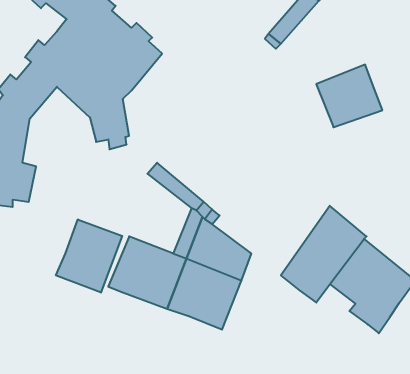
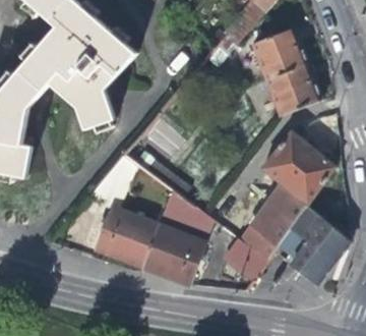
building: none -> [252,26,306,78]
building: none -> [261,130,336,205]
building: [56,219,122,293] -> none
building: none -> [220,237,265,282]

